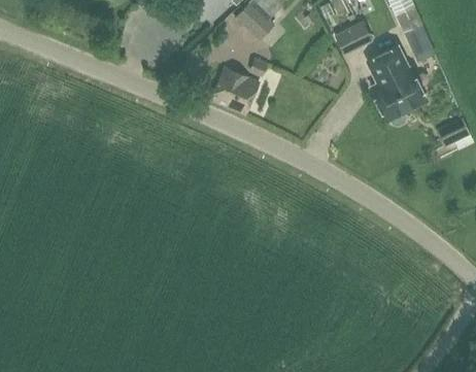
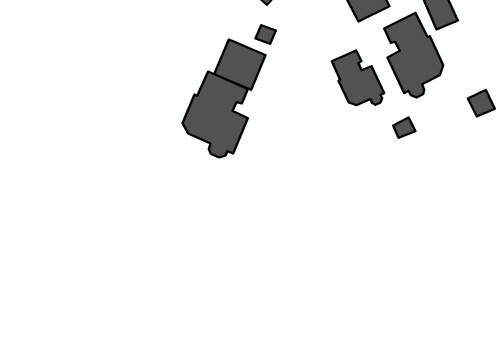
building: none -> [332,50,384,105]
building: none -> [183,72,248,157]

